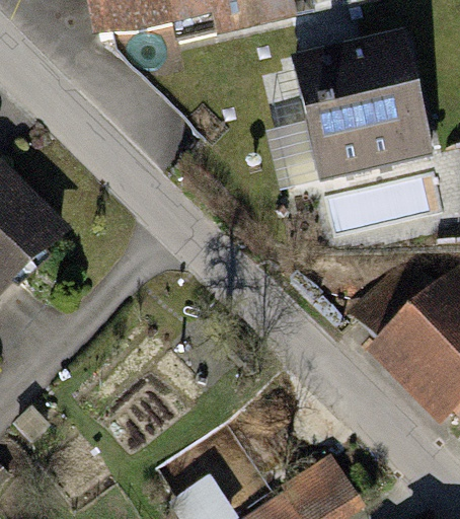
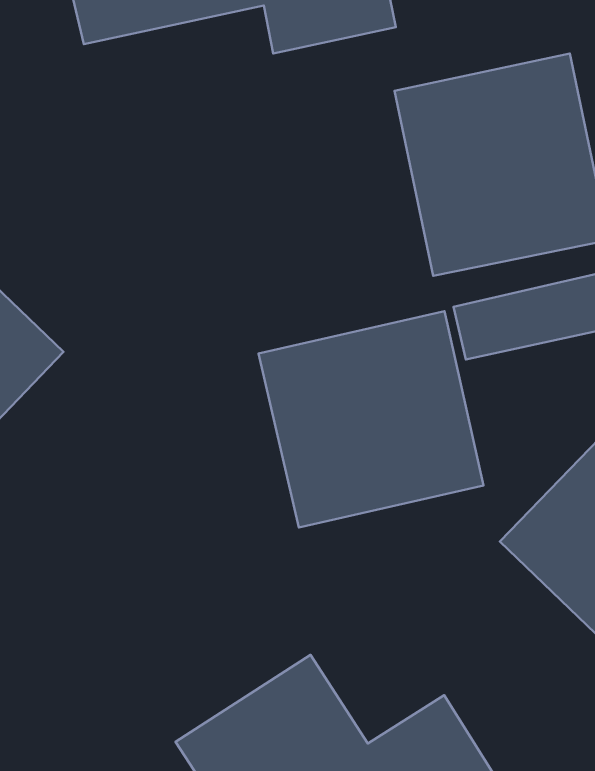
building: none -> [258,311,484,527]

